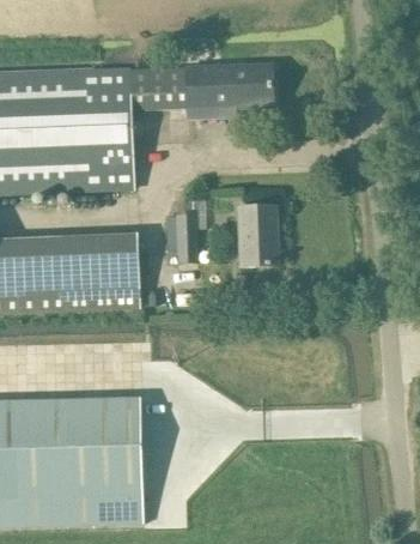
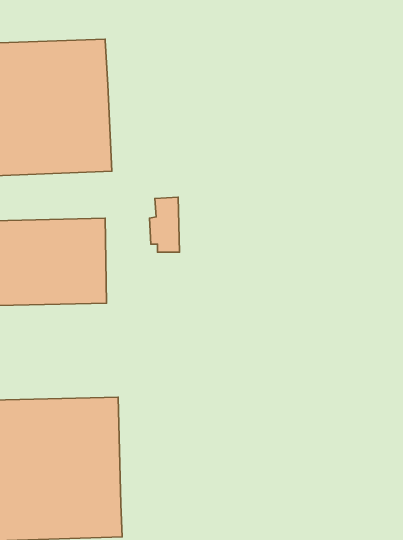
building: [130,62,273,109] -> none
building: [239,204,280,266] -> none

